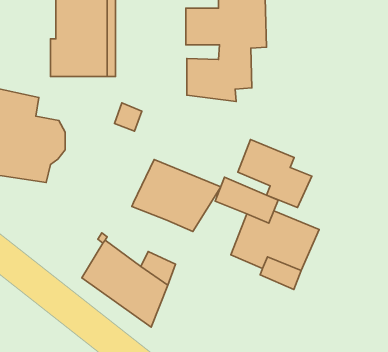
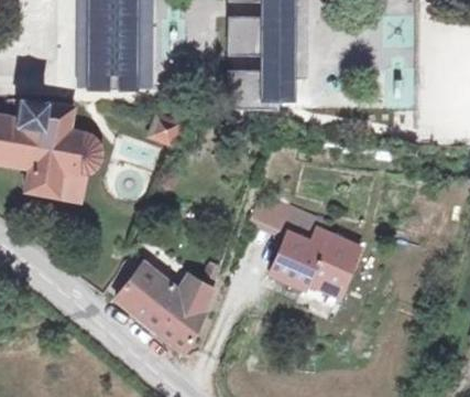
building: [238,140,312,208] -> none
building: [132,159,221,231] -> none

